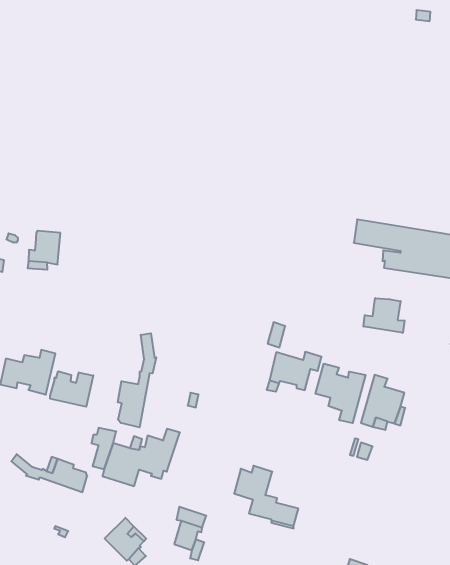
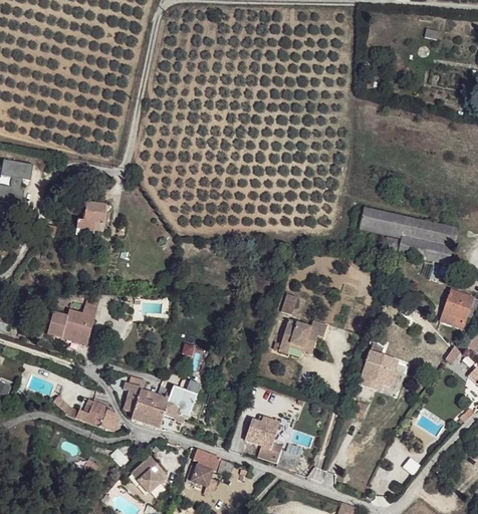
building: [364,298,405,333] -> none
building: [118,333,156,427] -> none
building: [315,364,366,423] -> none
building: [50,371,93,407] -> none

